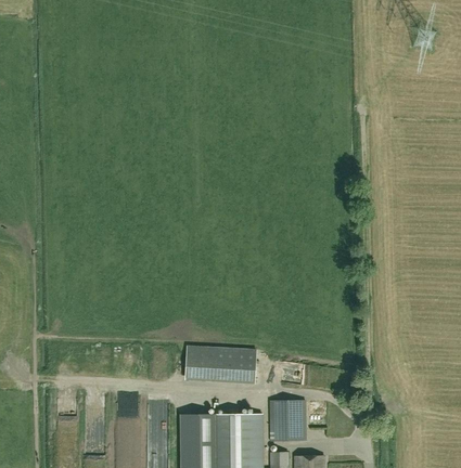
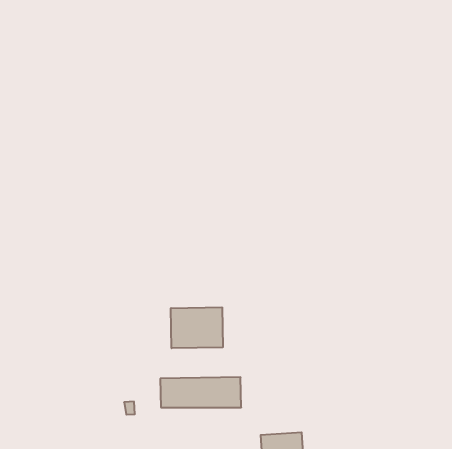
building: none -> [171,307,223,348]

